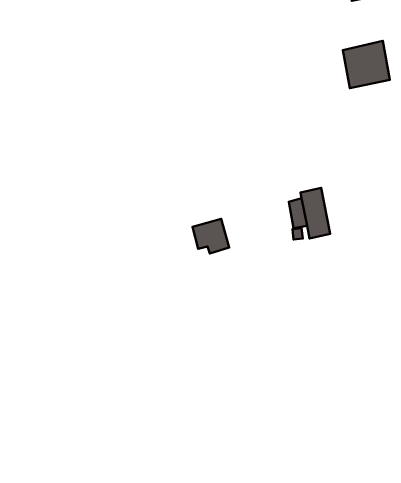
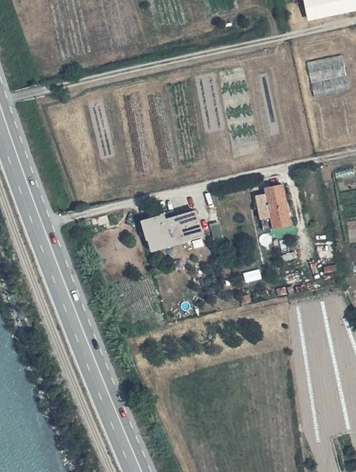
building: none -> [142,214,175,242]

